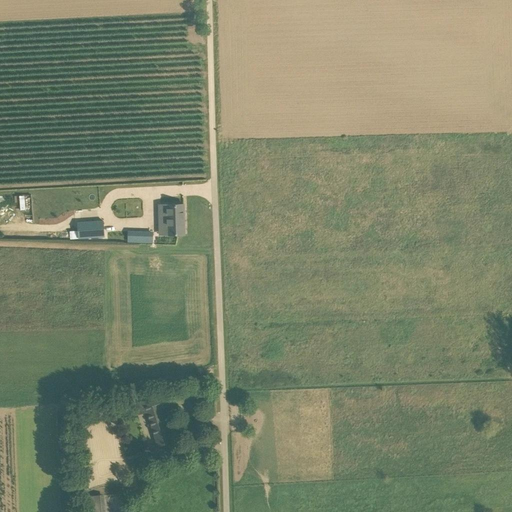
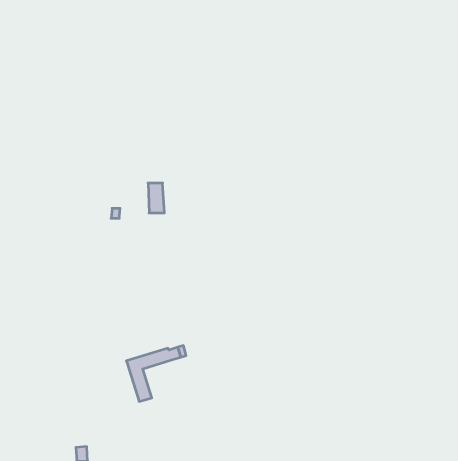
building: [73,220,101,239] -> none

